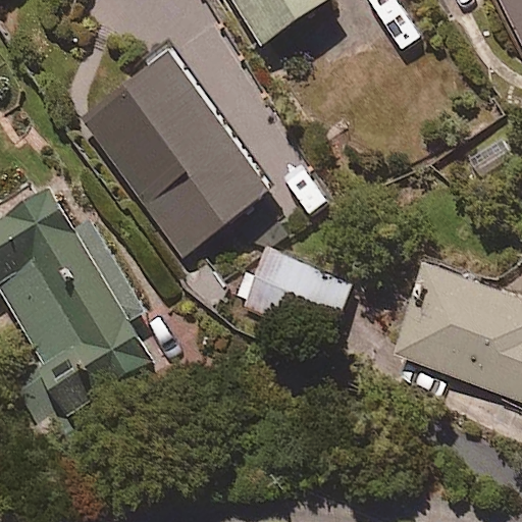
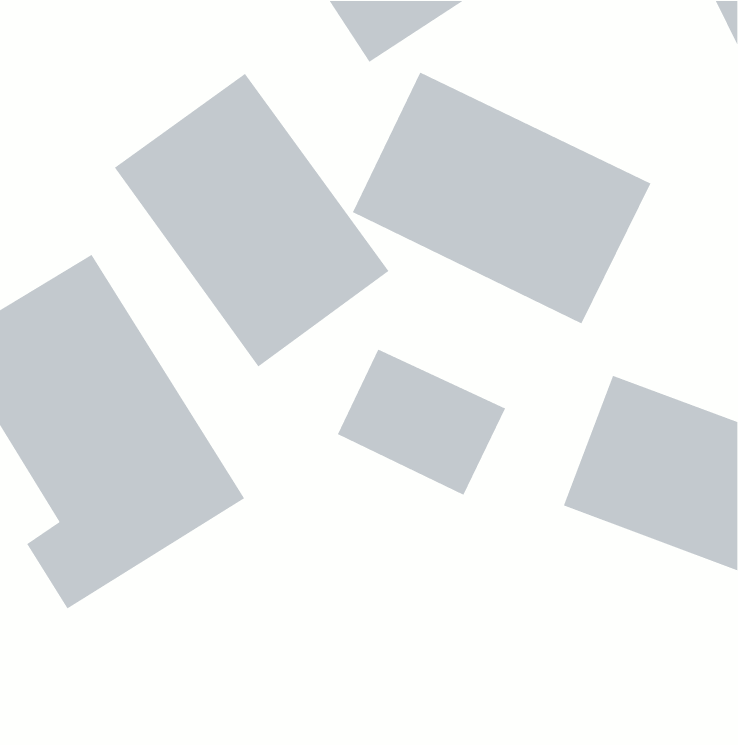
building: none -> [352,71,652,325]

